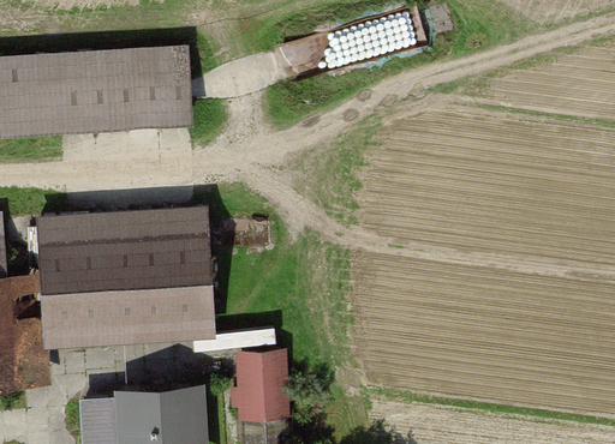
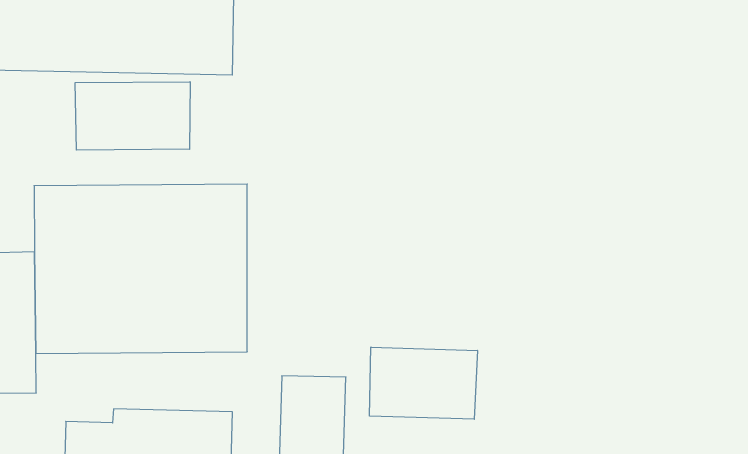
building: none -> [75,82,190,150]
building: none -> [370,347,477,419]

